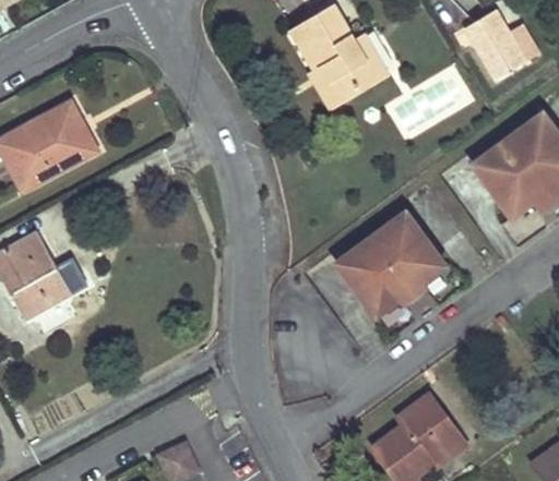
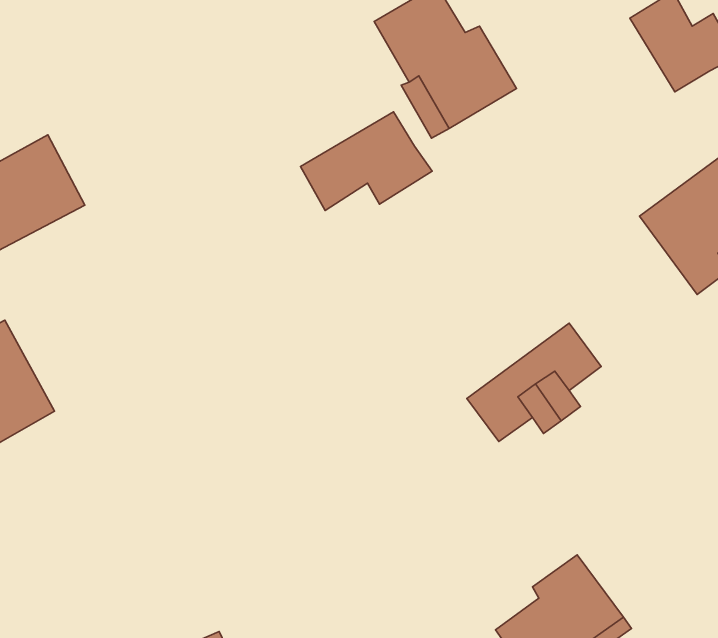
building: [383,67,474,140] -> none
building: none -> [301,112,432,210]
building: [335,211,424,286] -> none

